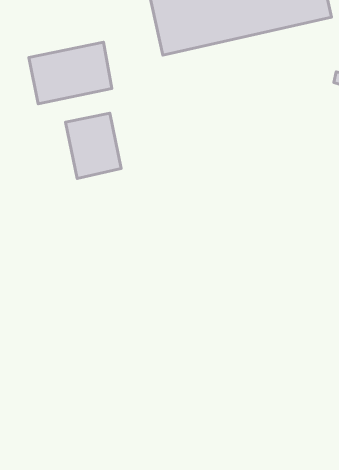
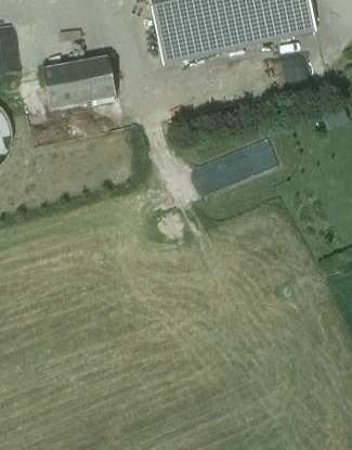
building: [66,113,121,179] -> none

